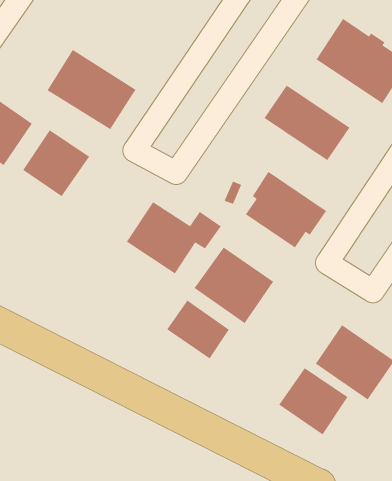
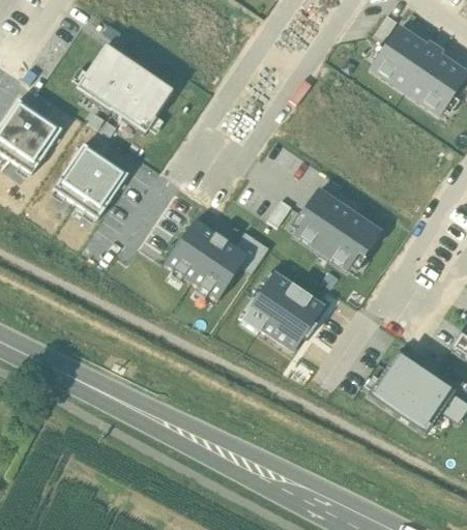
building: [264,85,350,161] -> none
building: [166,300,230,359] -> none
building: [278,367,348,436] -> none

